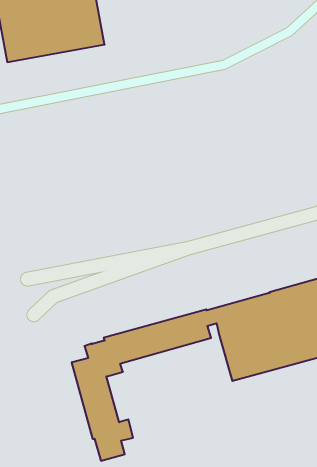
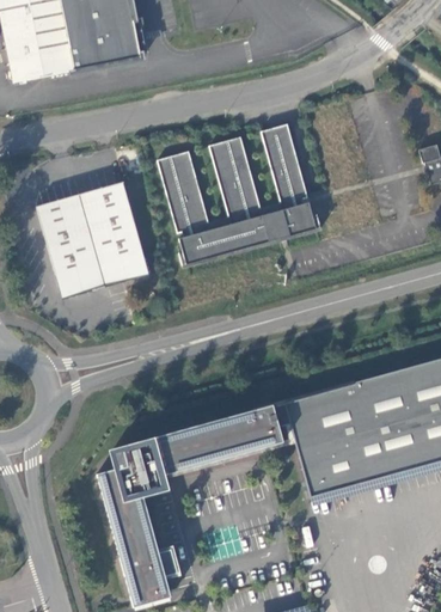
building: none -> [159,123,319,263]
building: none -> [38,186,151,301]

